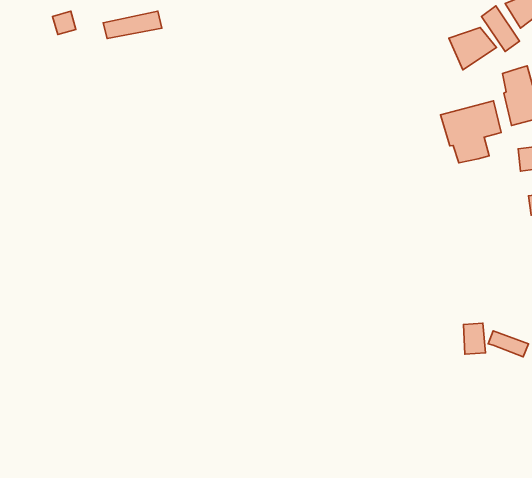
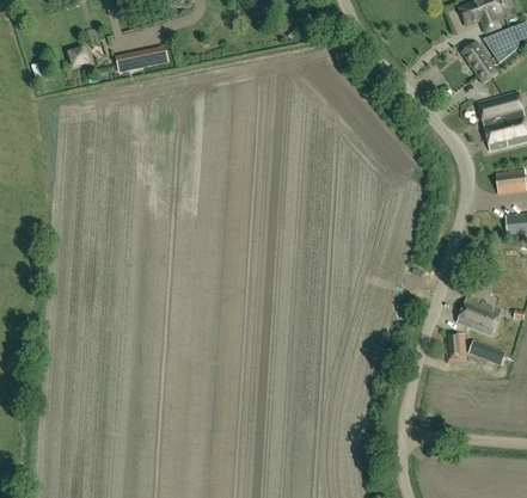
building: [449,27,497,70] -> none
building: [441,101,501,163] -> none
building: none -> [456,296,502,334]

